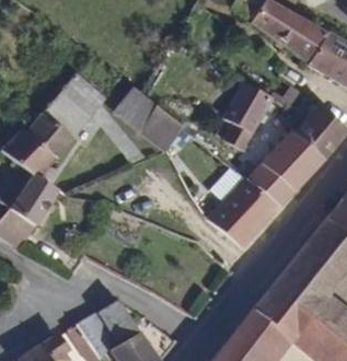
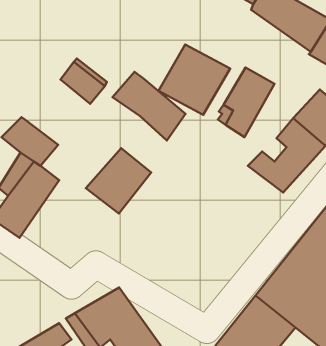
building: none -> [158,44,230,115]
building: [26,93,91,158] -> [86,148,151,213]
building: [209,178,281,247] -> none

